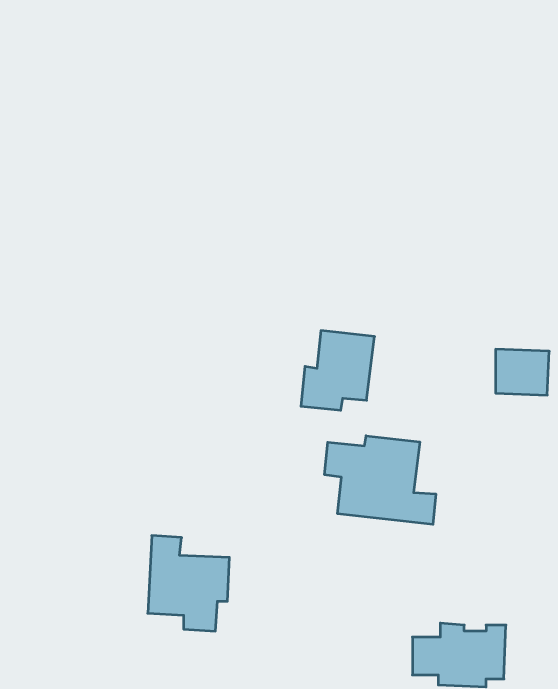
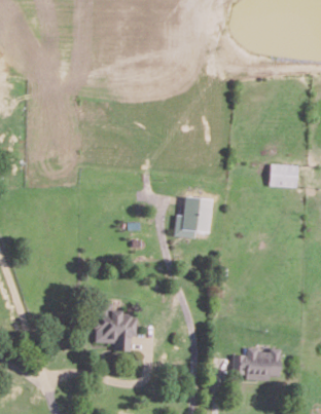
building: [496,349,549,395] -> [271,163,298,187]
building: [325,436,436,524] -> none

